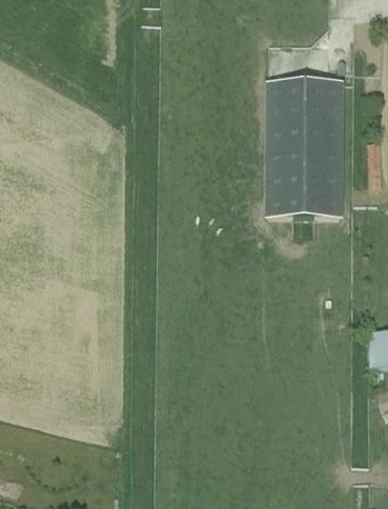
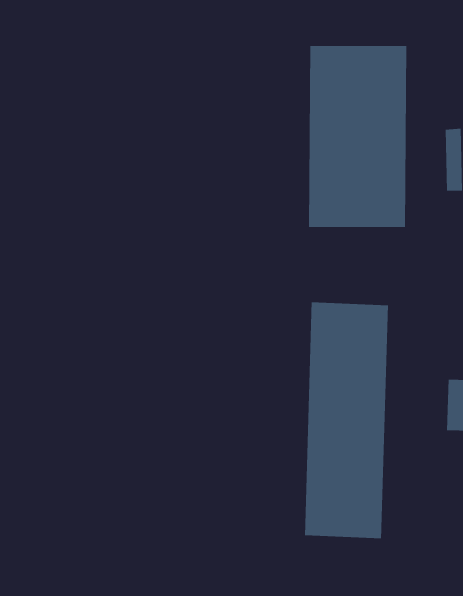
building: none -> [304,302,388,539]

